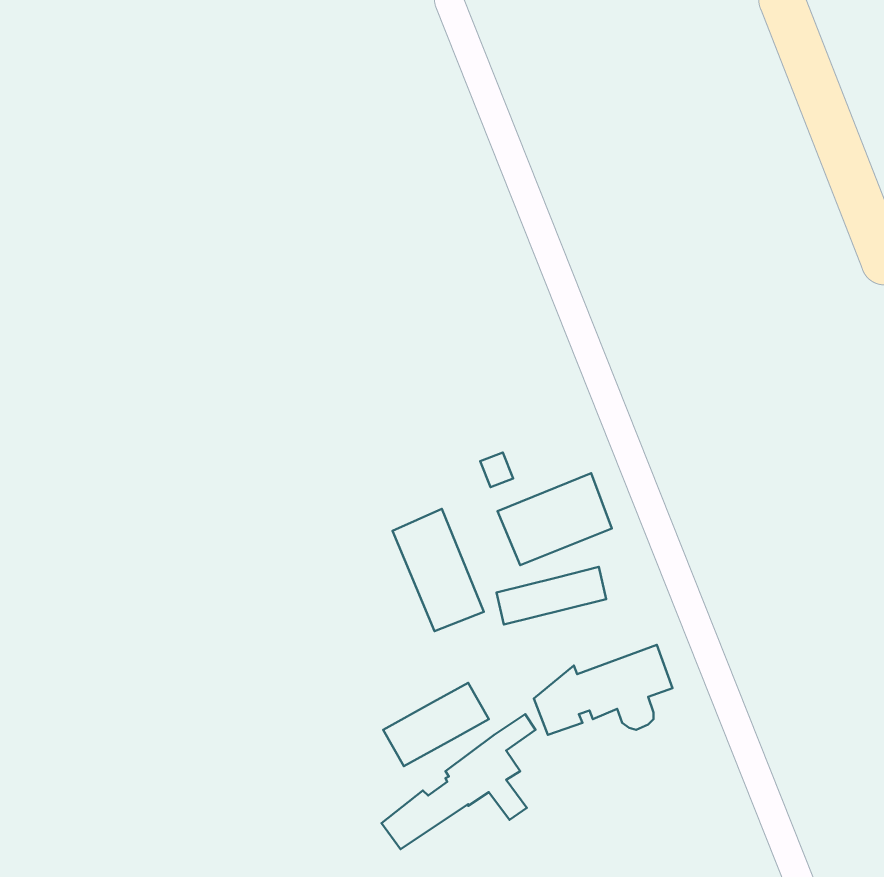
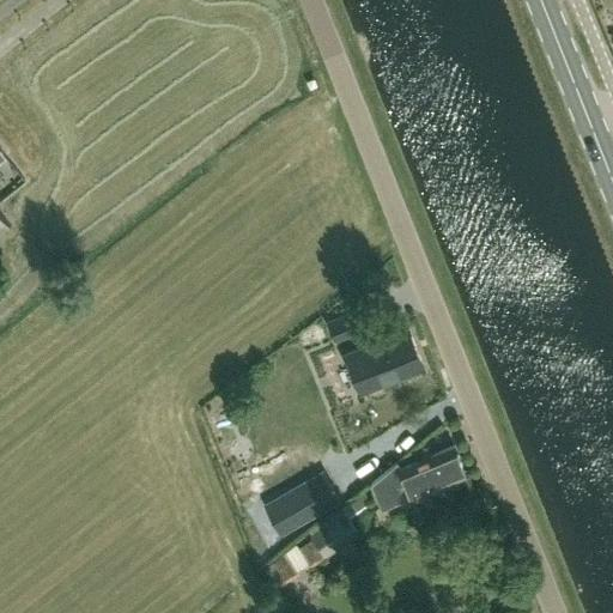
building: [393,509,484,631] -> none
building: [497,567,606,625] -> none

